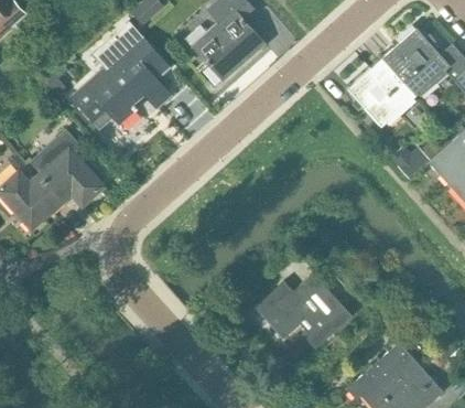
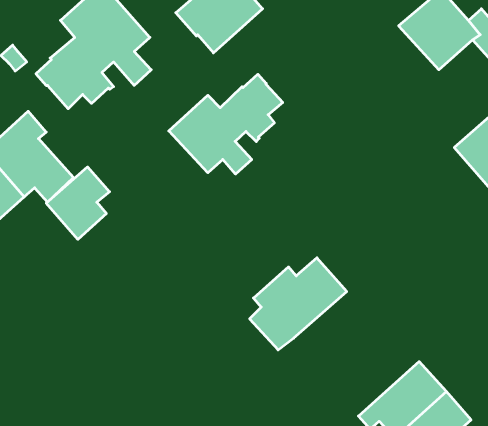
building: [346,57,414,126] -> none
building: none -> [169,74,283,174]
building: none -> [46,167,110,239]
building: [291,283,367,350] -> none

